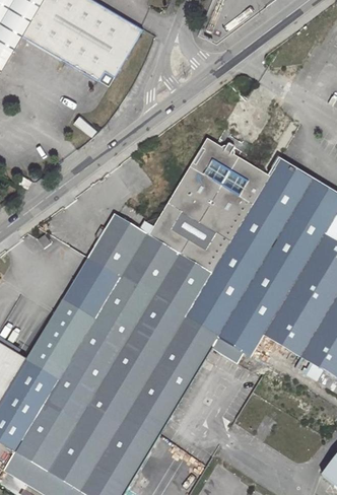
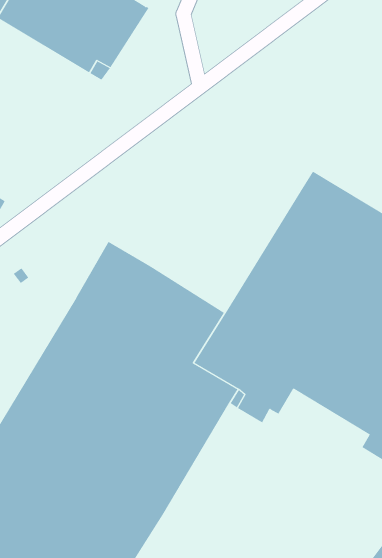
building: [148,134,269,272] -> none

